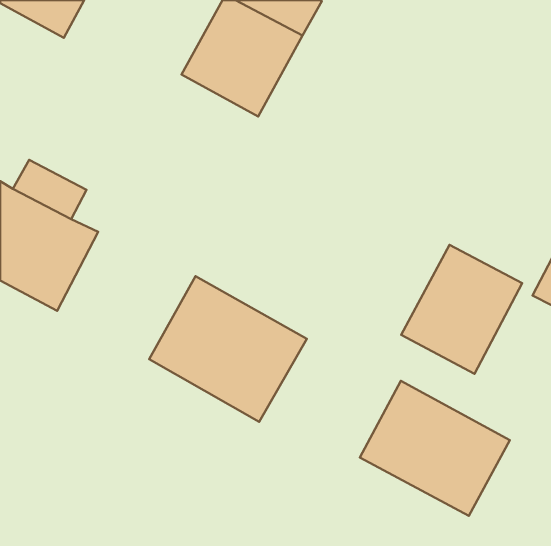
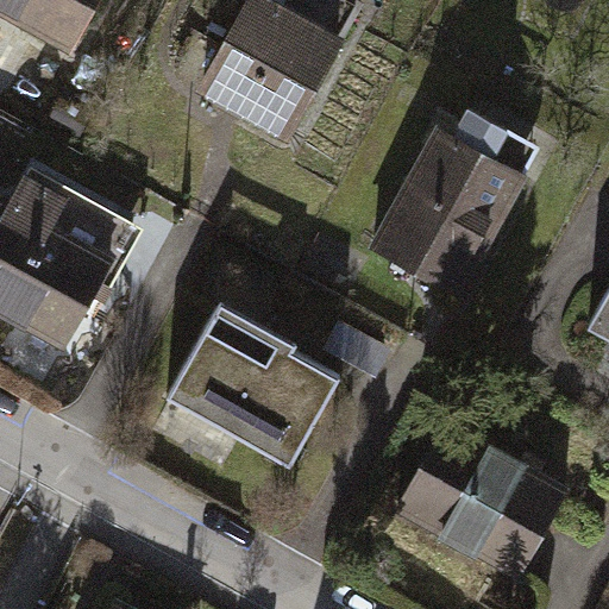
building: none -> [371,100,532,296]
building: [401,245,522,374] -> none

